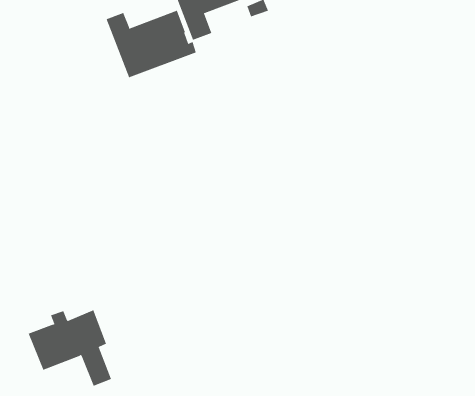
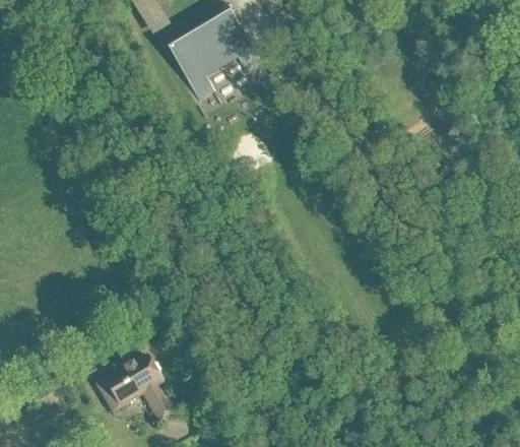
building: [106,10,197,78] -> none

